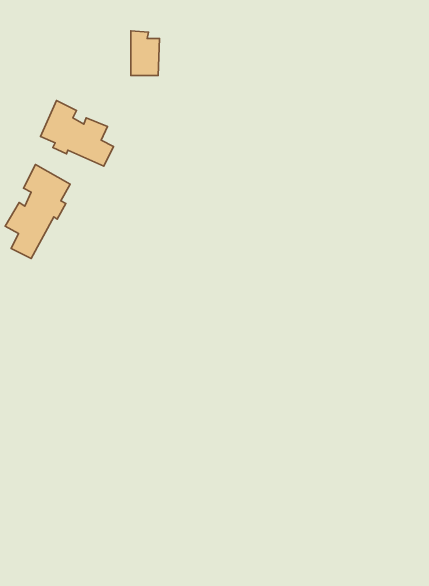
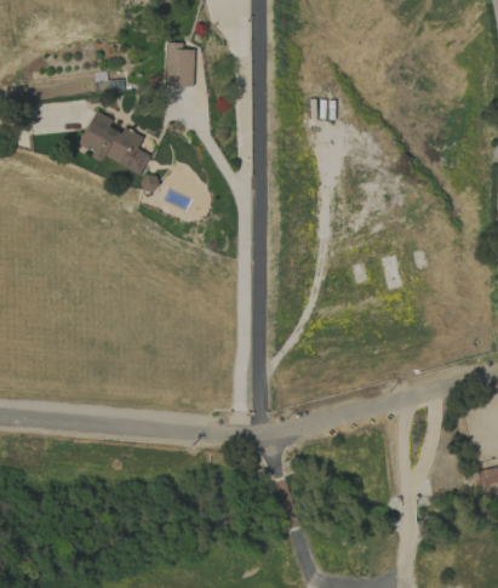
building: [5,164,70,258] -> none

